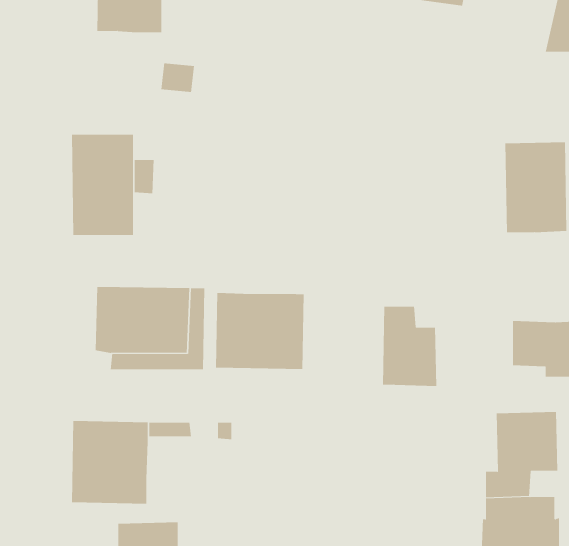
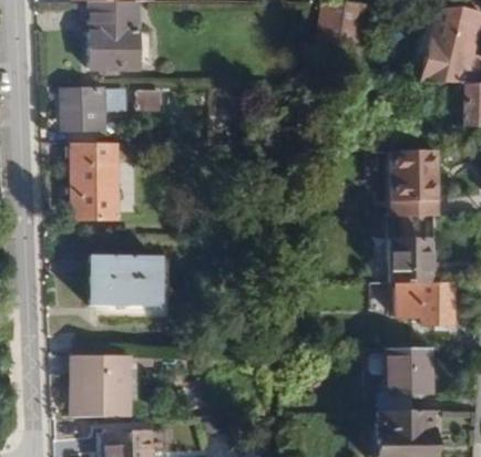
building: none -> [60,89,125,131]
building: [216,292,304,370] -> none
building: [382,306,437,387] -> [389,222,430,282]

